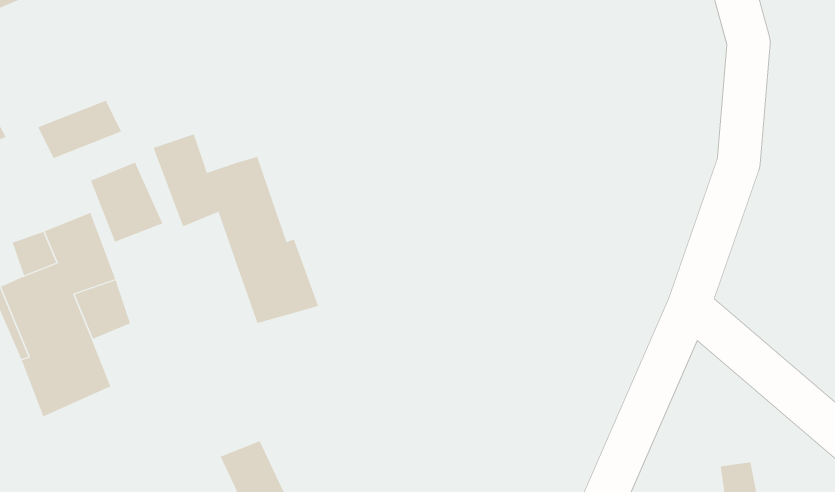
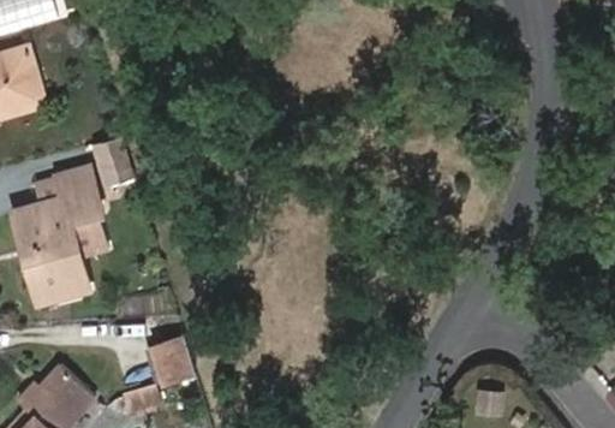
building: [38,100,122,159] -> none
building: [153,134,319,324] -> none

